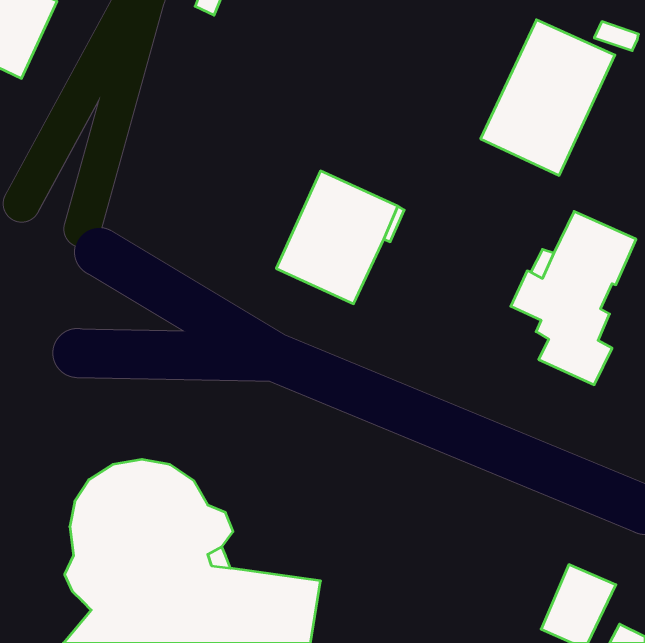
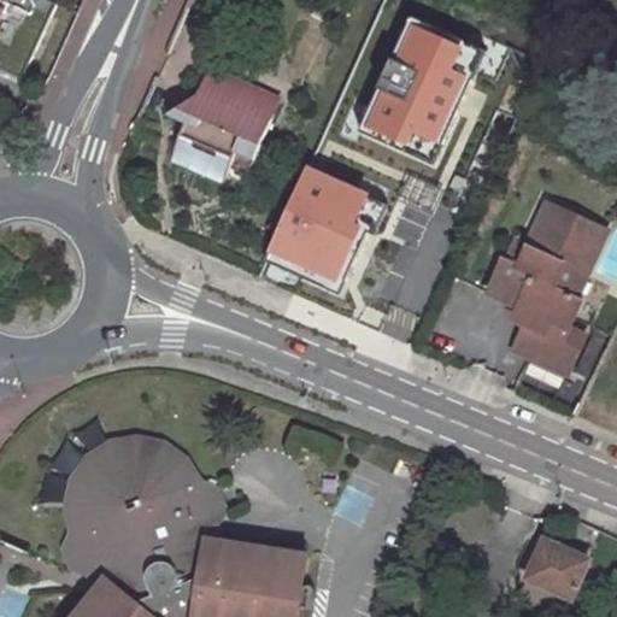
building: [481,20,615,175] -> [357,13,484,161]
building: none -> [166,66,277,180]

